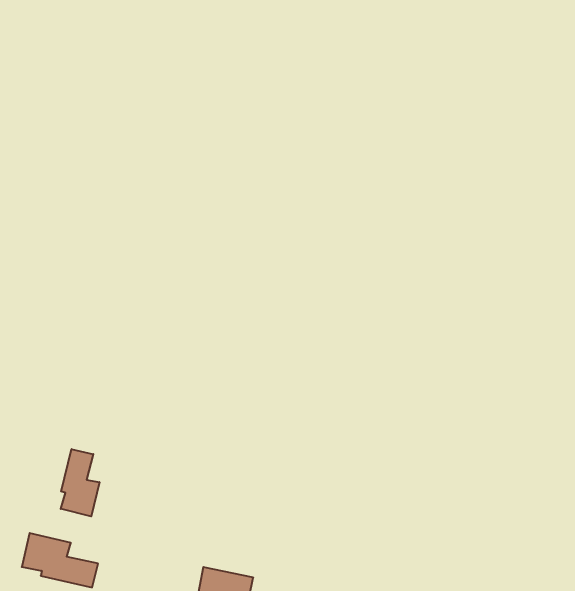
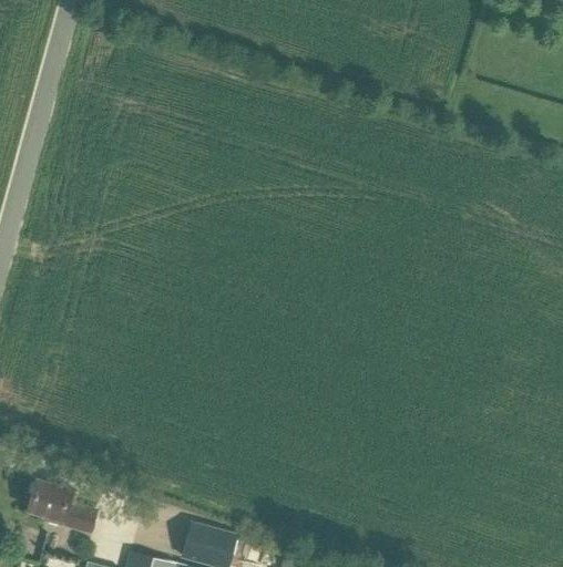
building: [61,449,99,516] -> none

